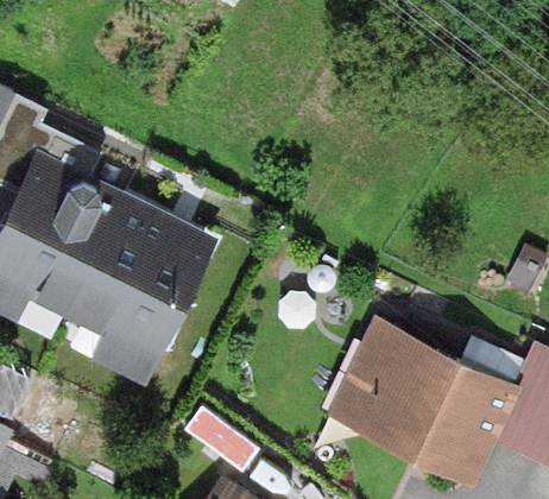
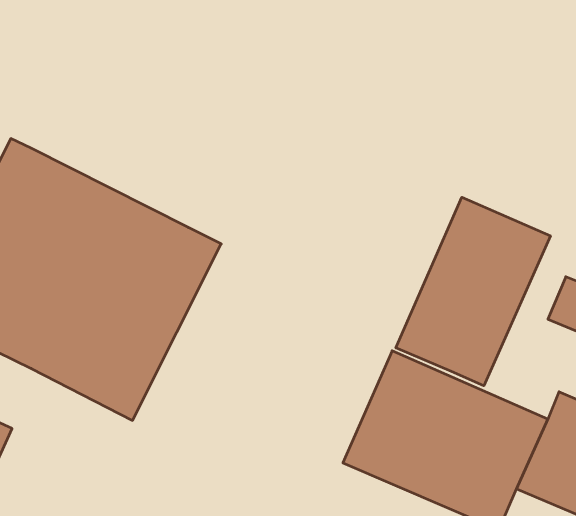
building: none -> [396,197,550,386]

